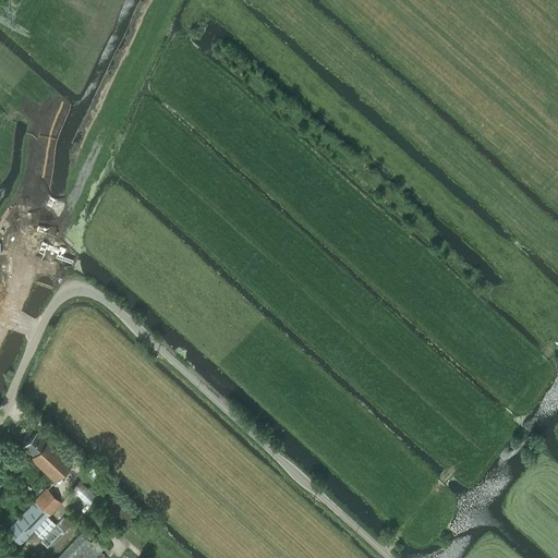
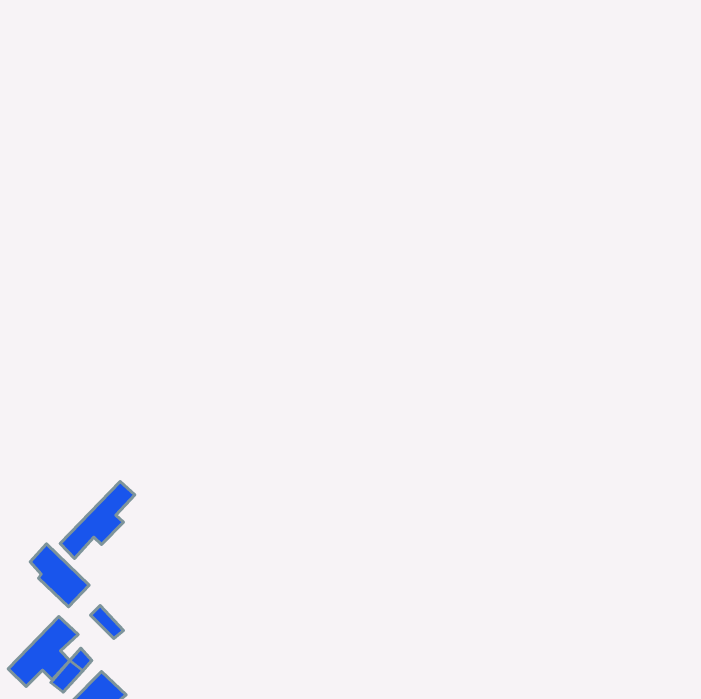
building: none -> [60,481,135,558]

